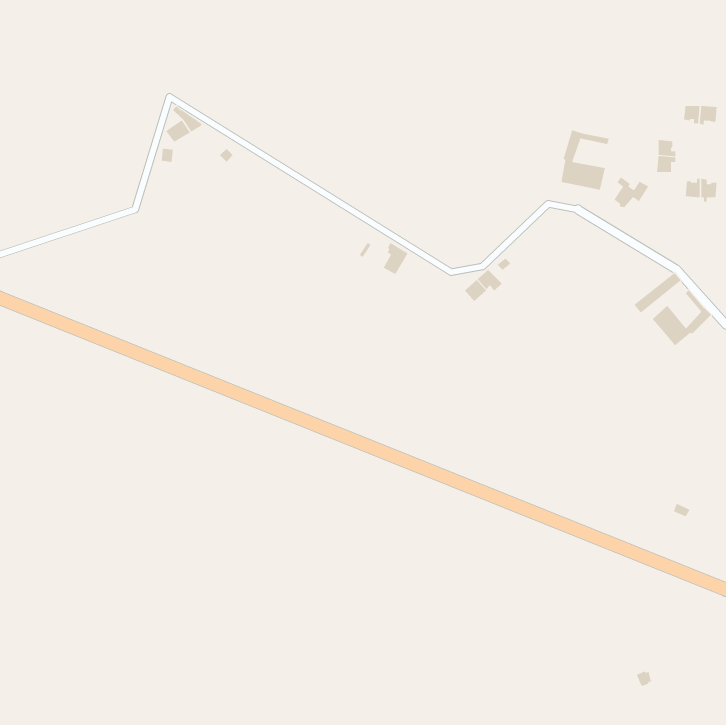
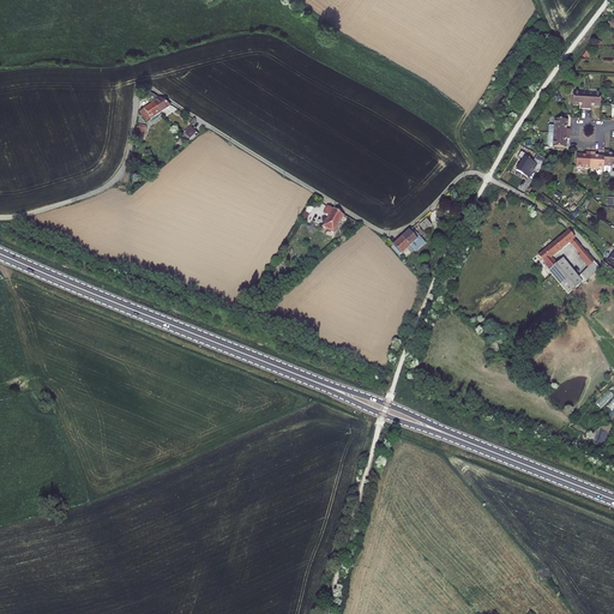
building: [561,129,609,190] -> none

